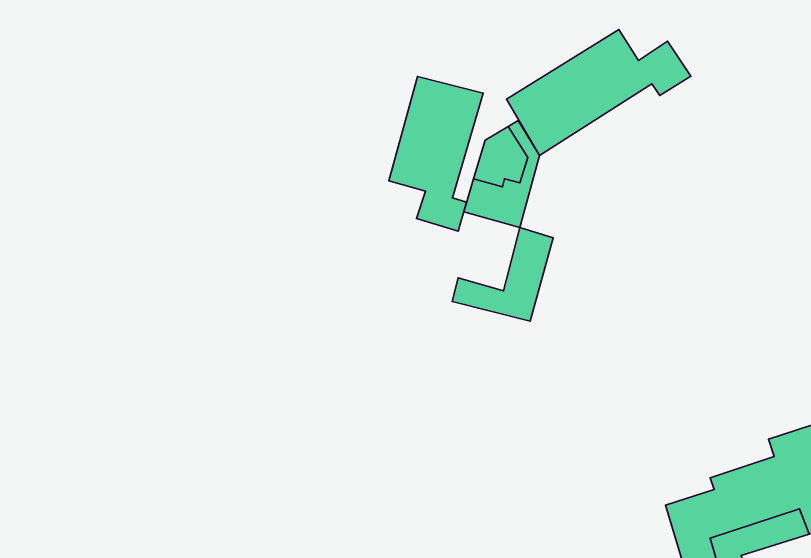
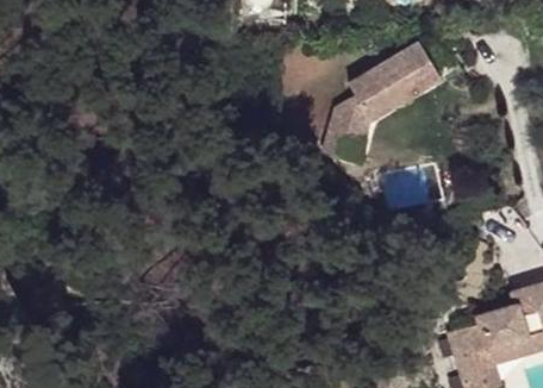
building: [389,77,483,231] -> none
building: [452,227,553,321] -> none

